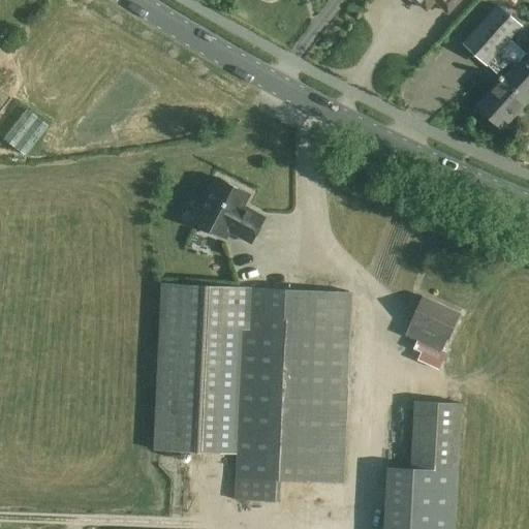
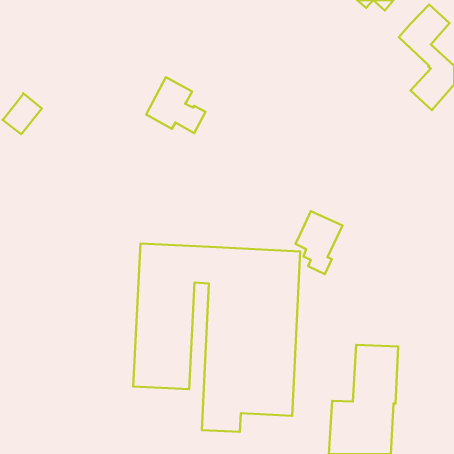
building: [195,178,264,243] -> [146,77,206,133]
building: [405,297,460,370] -> [296,211,343,274]

